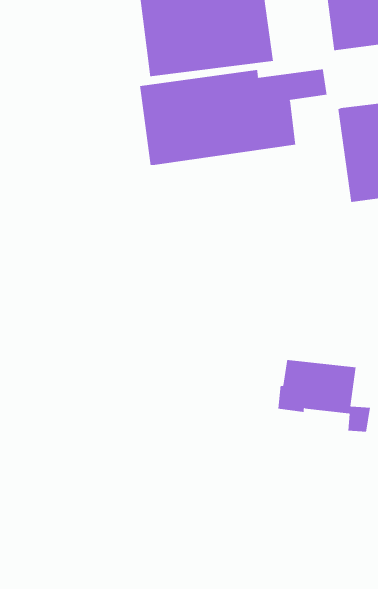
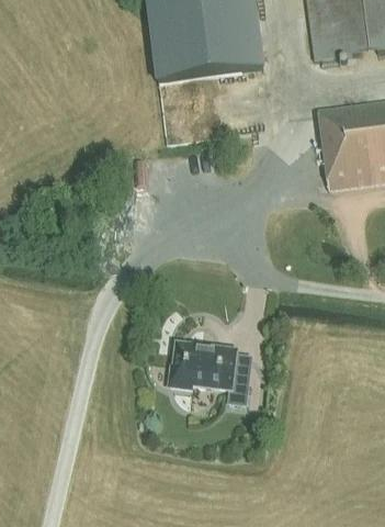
building: [139,68,327,166] -> none
building: [277,359,371,432] -> [169,344,248,405]

